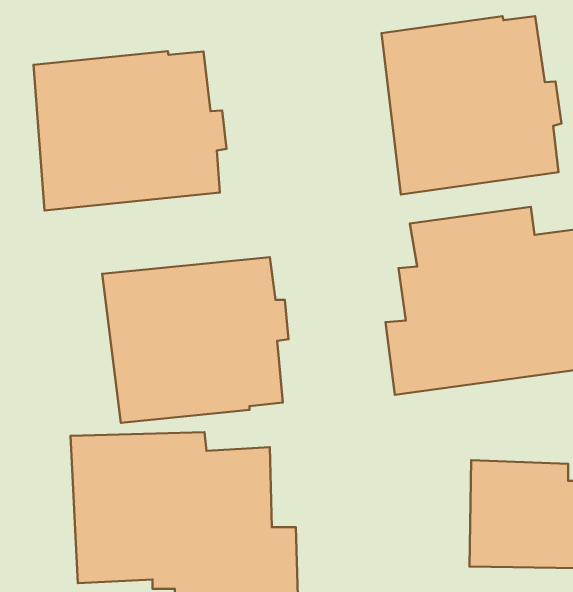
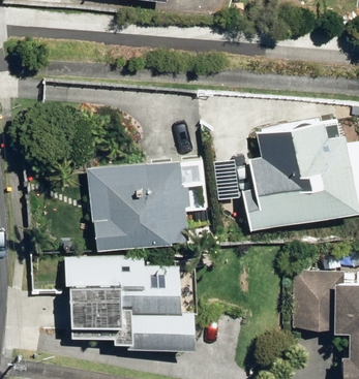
building: [382,16,562,194] -> none
building: [33,51,226,211] -> none

